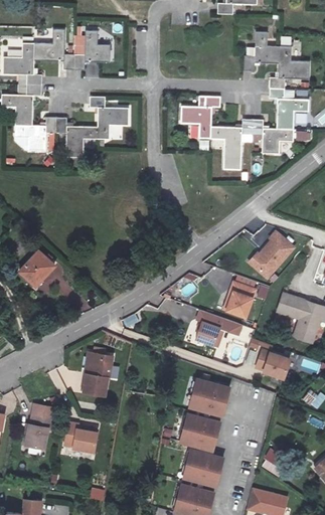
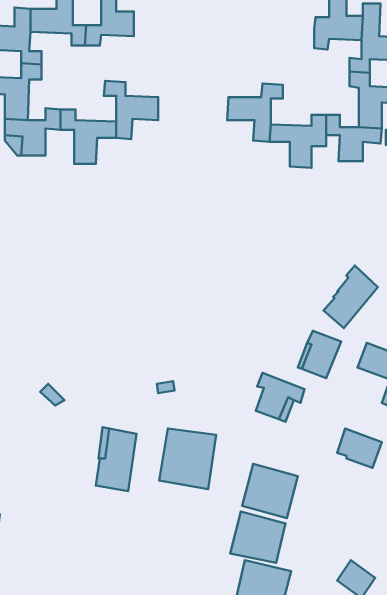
building: [20,250,55,286] -> none
building: none -> [159,428,216,489]
building: [25,406,57,450] -> none
building: [64,424,97,453] -> none

